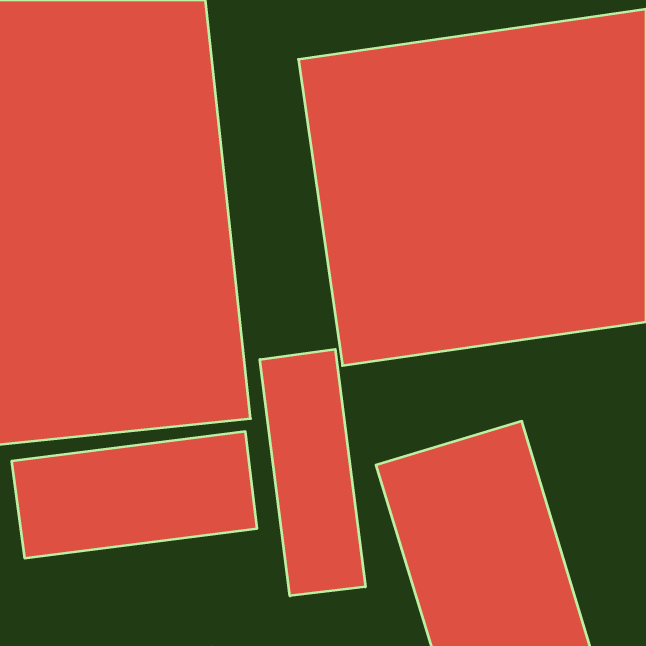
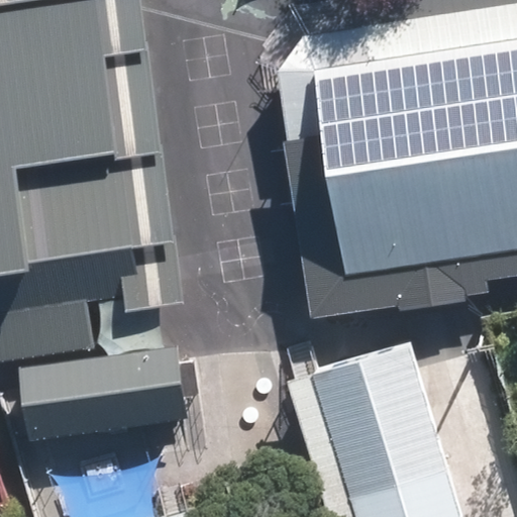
building: [260,349,365,596] -> none

